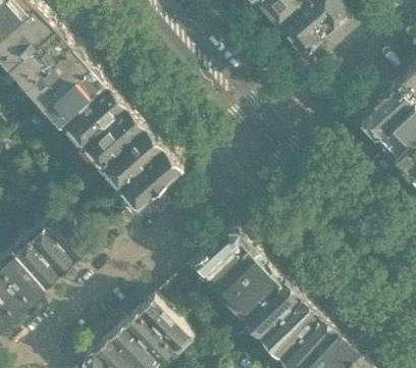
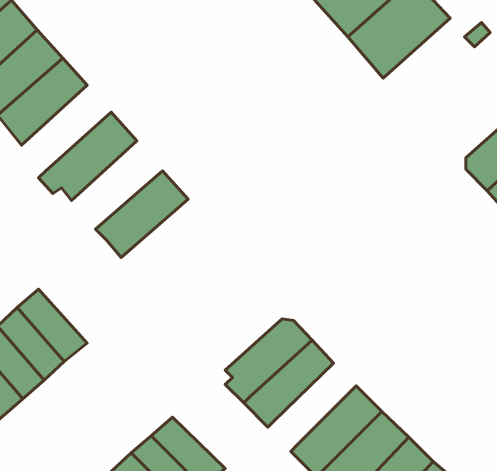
building: [45,67,109,128] -> none
building: [81,107,146,170] -> none
building: [113,149,179,215] -> none
building: [221,266,284,329] -> none

